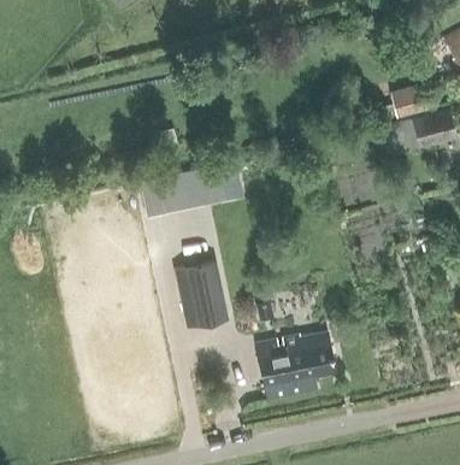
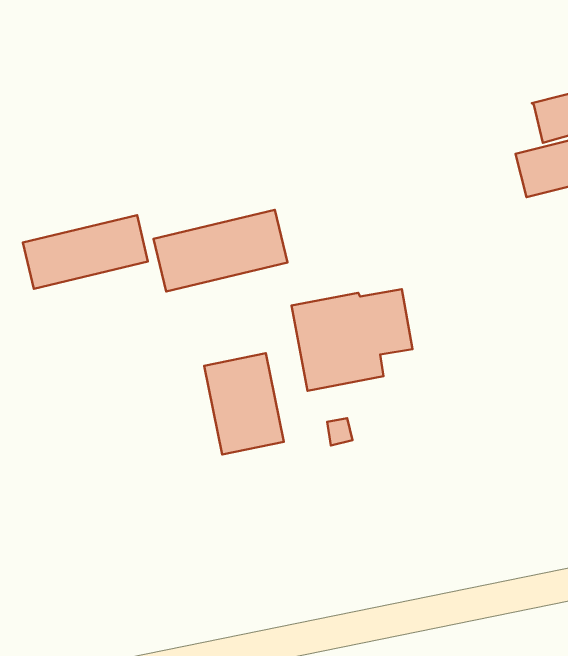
building: none -> [23,215,148,289]
building: [255,332,336,400] -> [291,289,413,391]

